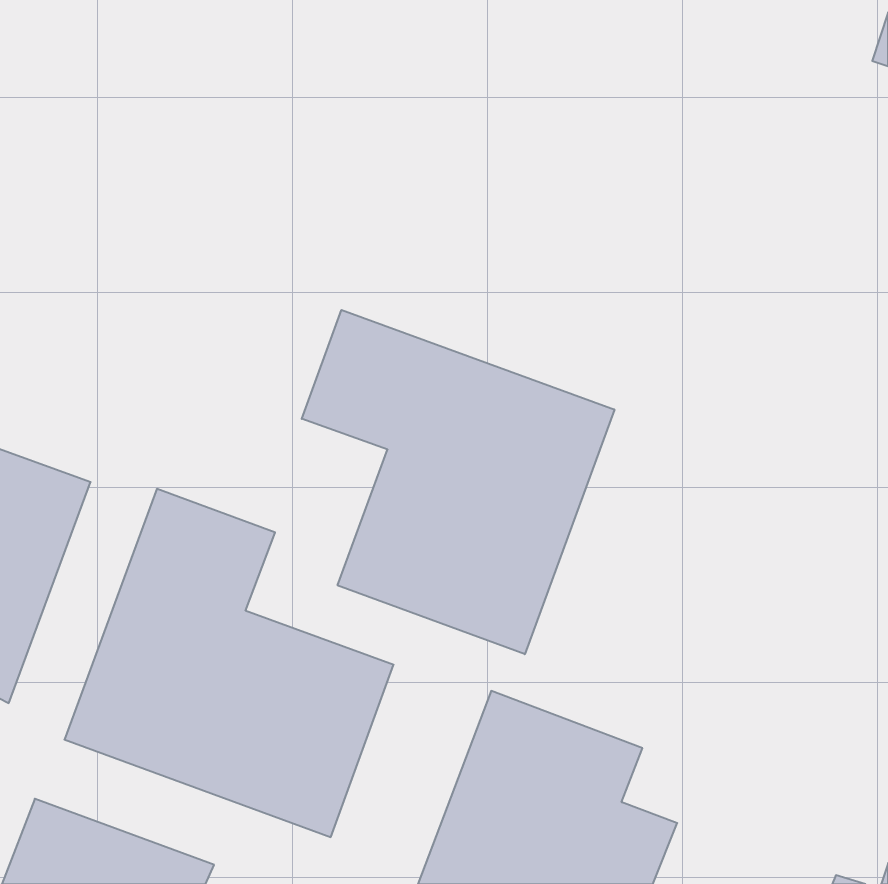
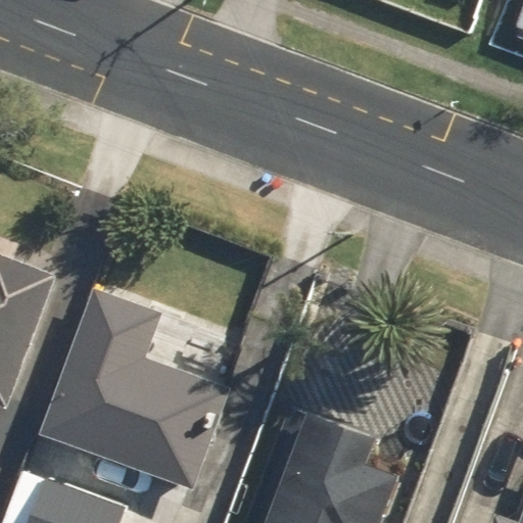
building: [302,310,614,654] -> none

